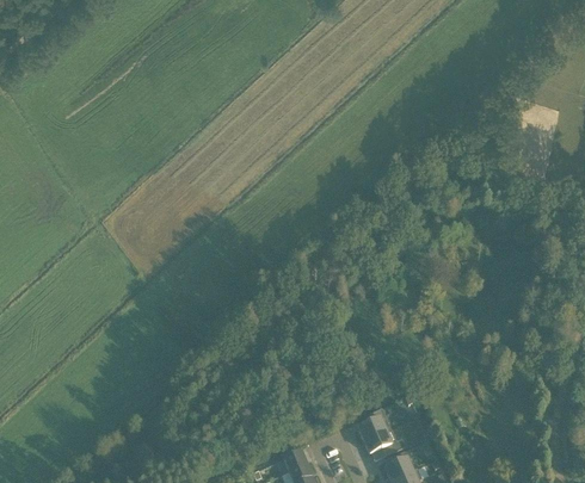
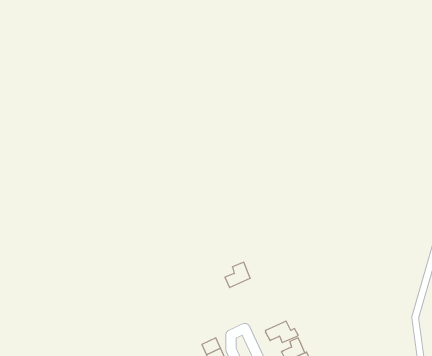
building: [361,408,393,440] -> [225,262,250,288]

